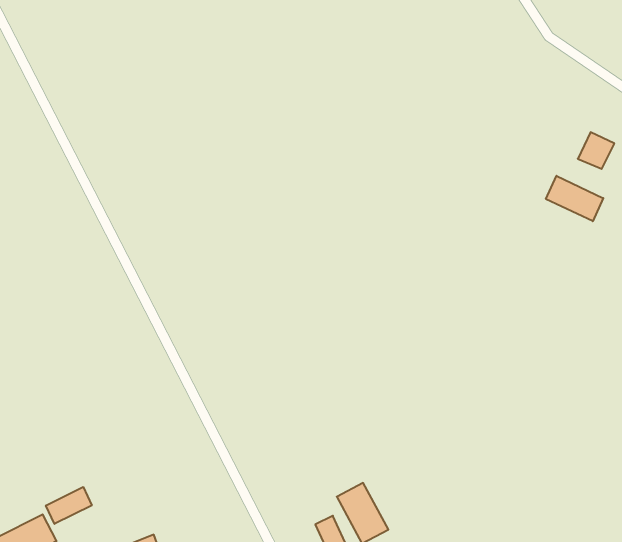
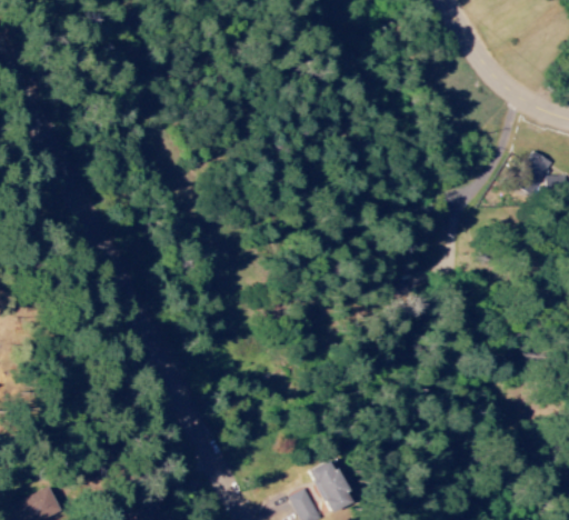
building: [546,176,603,221] -> none
building: [46,487,92,524] -> none

